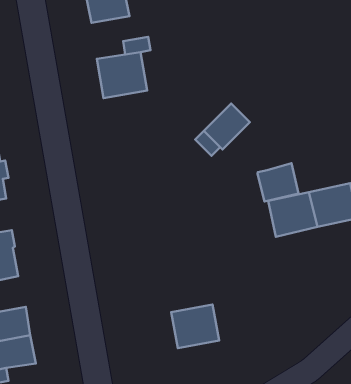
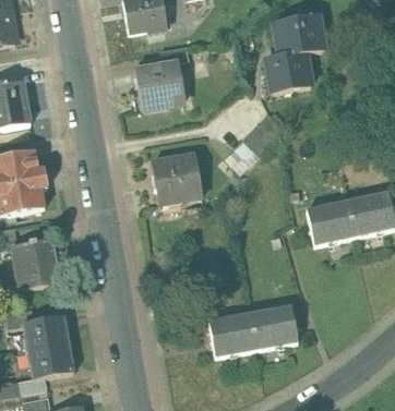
building: none -> [265,15,323,93]
building: none -> [151,156,202,203]
building: [258,163,299,202] -> none
building: none -> [250,306,297,349]

